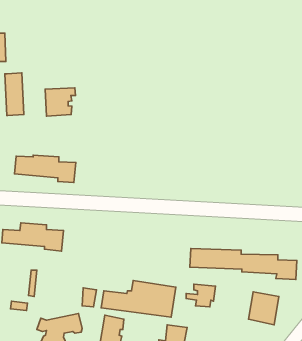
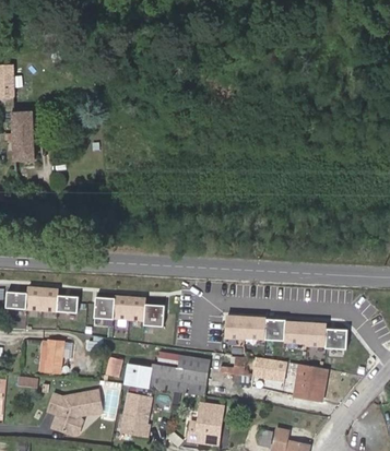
building: [45,88,75,116] -> none
building: [14,155,76,182] -> [94,295,165,327]
building: none -> [45,340,63,372]
building: none -> [252,358,286,379]

